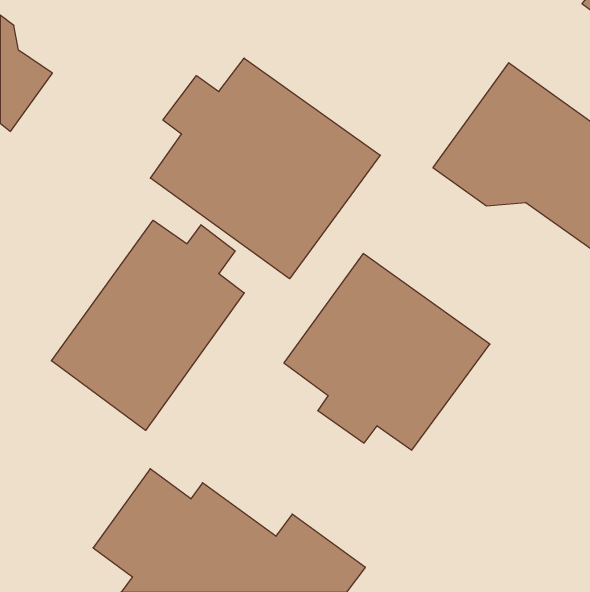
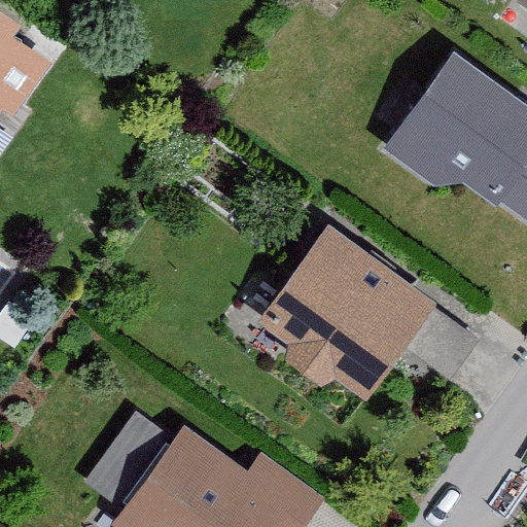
building: [150,58,380,279] -> none
building: [51,220,244,430] -> none

